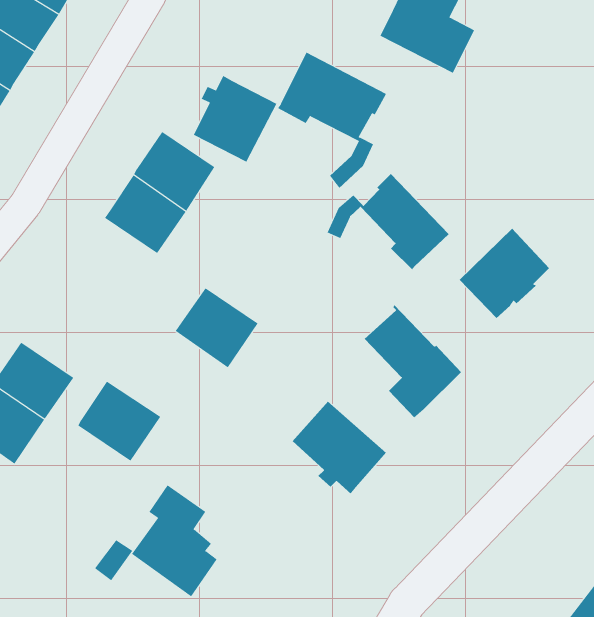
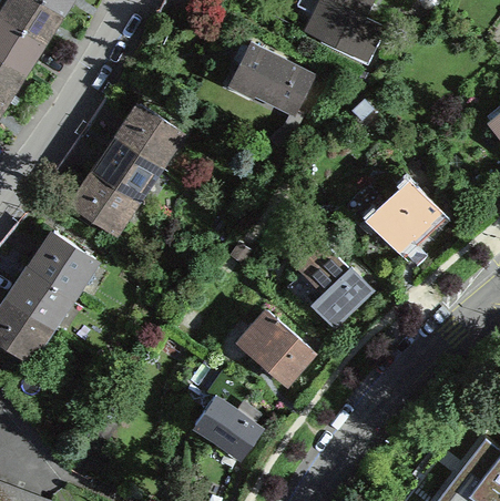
building: [193,75,277,162] -> none
building: [327,173,450,270] -> none
building: [175,288,259,368] -> [72,172,136,234]
building: [78,381,161,462] -> [31,233,95,295]
building: [131,485,218,597] -> [194,372,261,459]

